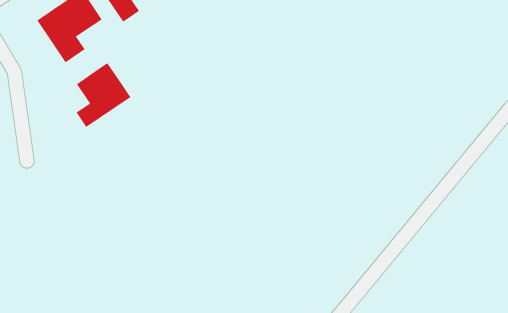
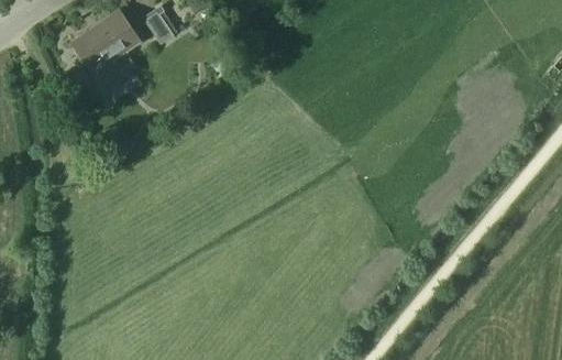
building: [76,62,131,128] -> none

